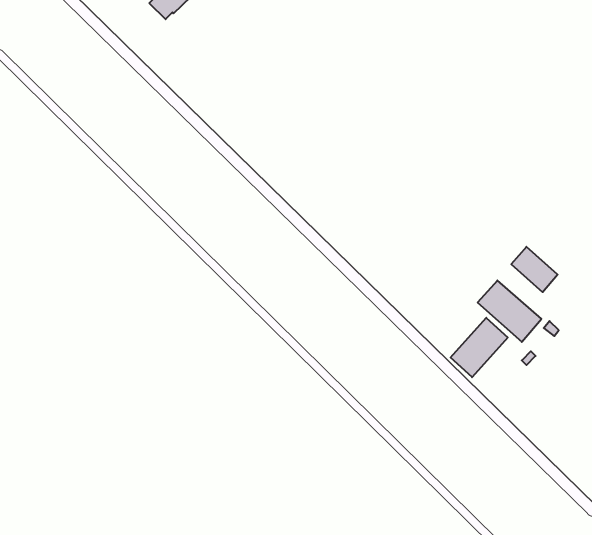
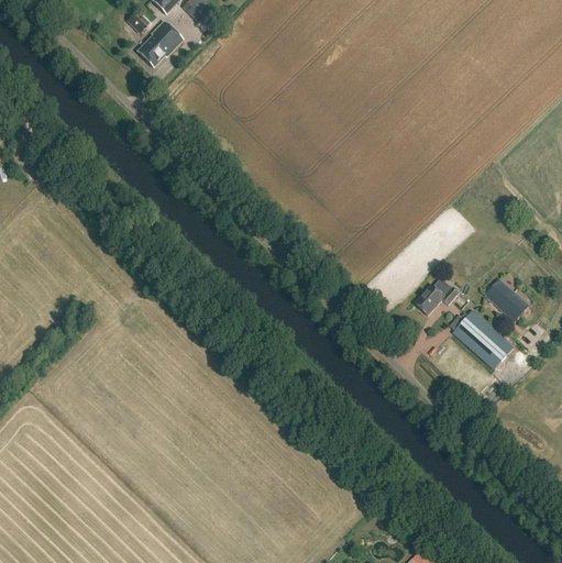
building: none -> [415,284,460,314]
building: [451,318,508,377] -> none

